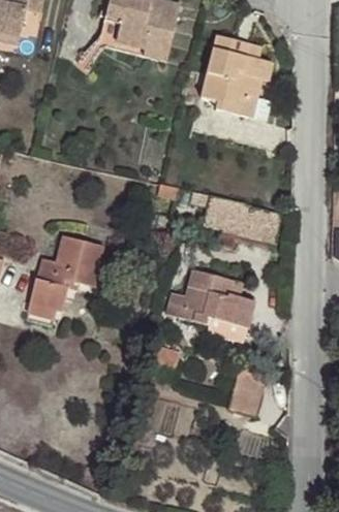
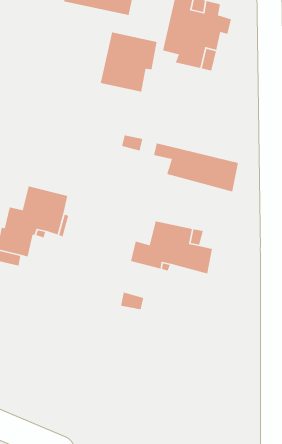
building: none -> [100,31,158,93]
building: [230,365,267,415] -> none

